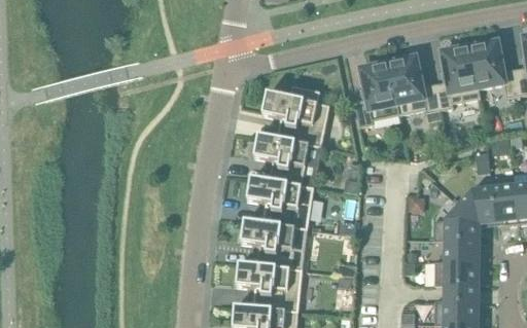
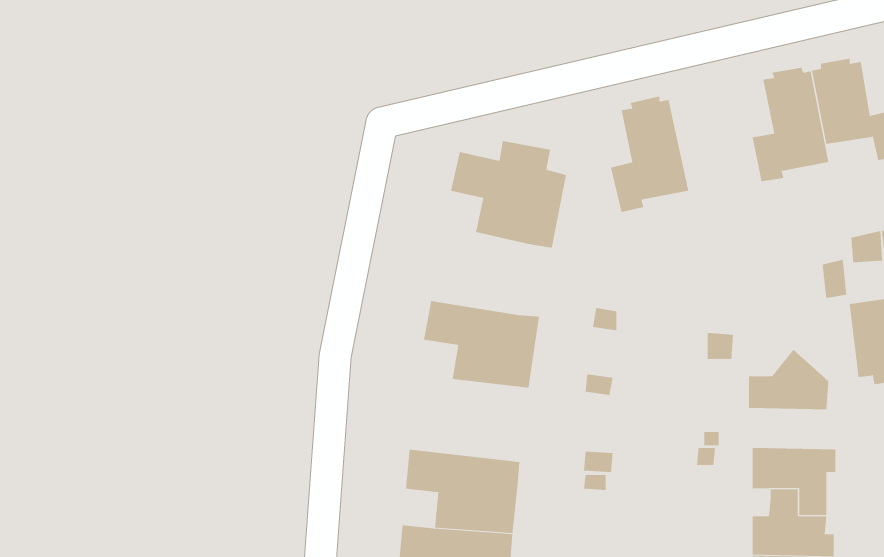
building: [387,52,440,113] -> none
building: [253,134,308,184] -> none
building: [458,178,495,222] -> none
building: [240,219,307,268] -> none
building: [432,238,483,261] -> none

